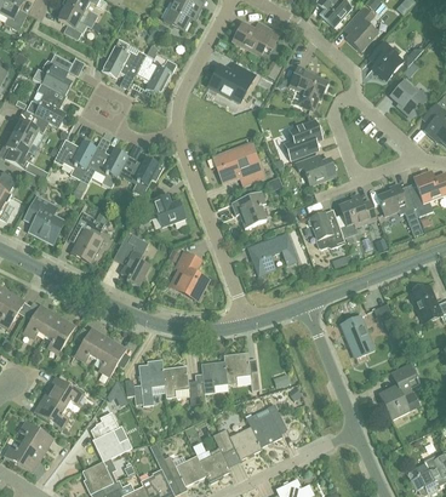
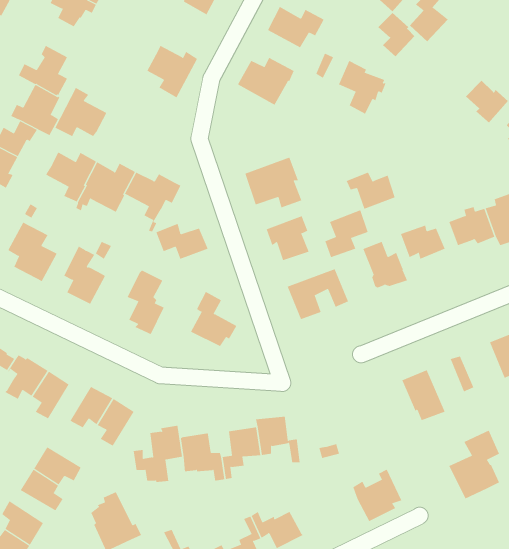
building: [101,38,143,78] -> [54,87,107,137]
building: [371,42,401,79] -> [377,12,415,57]
building: [285,120,320,159] -> [325,210,368,258]
building: [246,404,286,446] -> [352,469,402,522]

